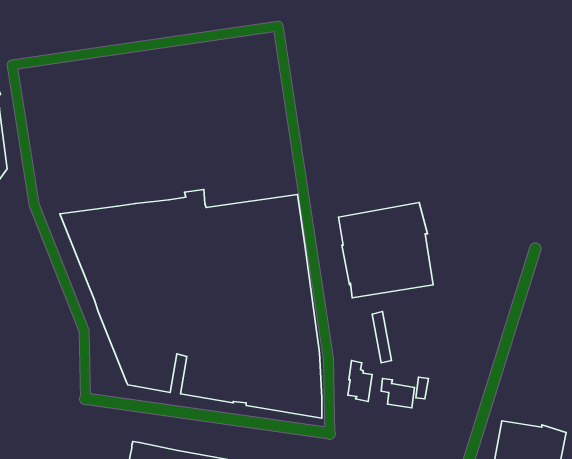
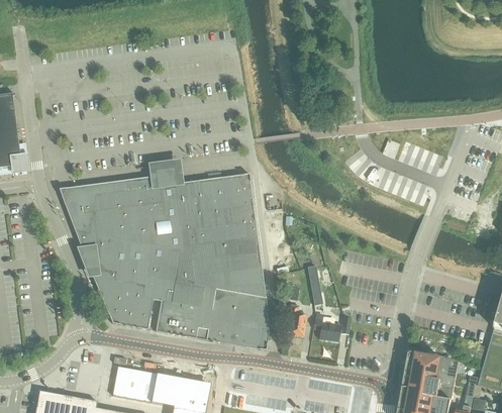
building: [338,202,433,298] -> none

